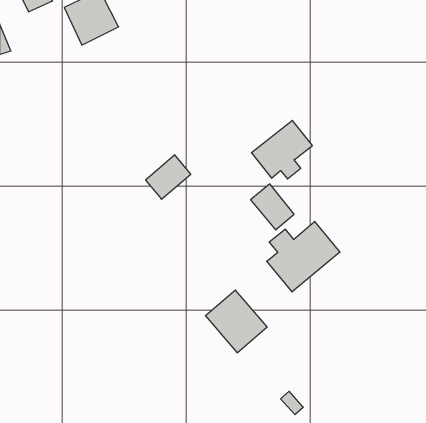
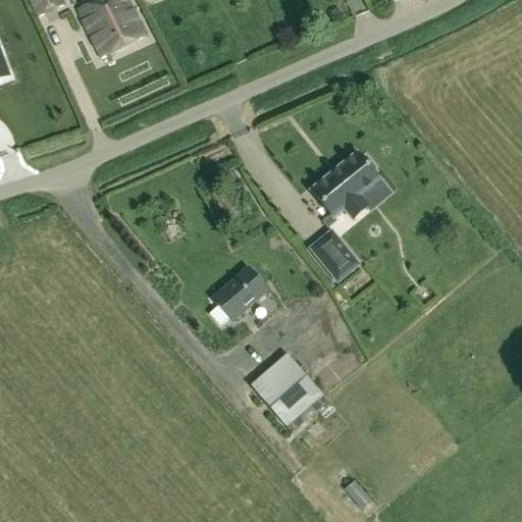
building: [146,155,191,199] -> [212,266,267,320]
building: [267,221,340,292] -> none

